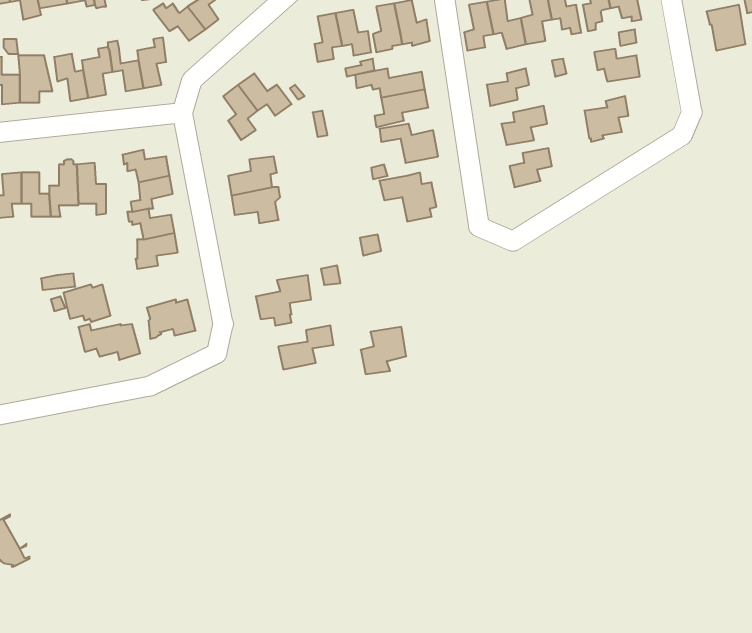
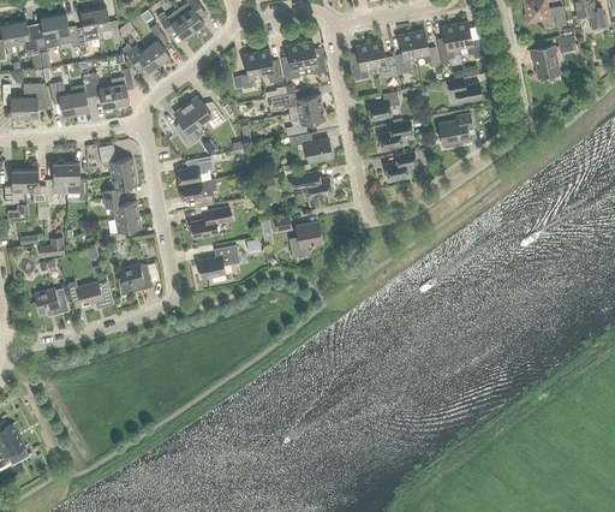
building: [63,285,111,322] -> [32,287,67,315]
building: [278,325,334,369] -> [189,207,229,239]
building: [361,327,406,374] -> [287,221,321,256]

